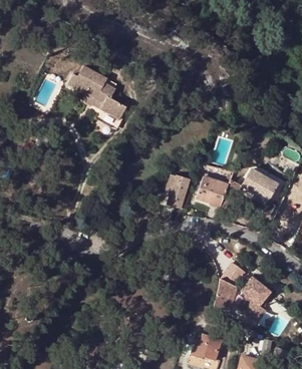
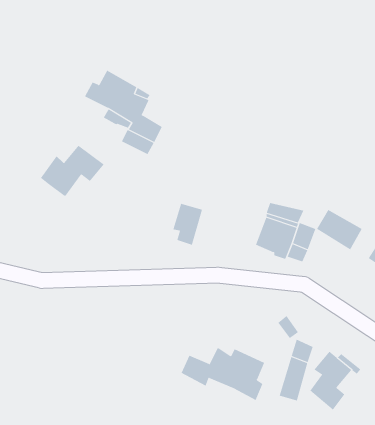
building: none -> [40,145,104,197]
building: [165,174,188,207] -> [173,203,203,245]
building: none -> [181,348,265,401]

